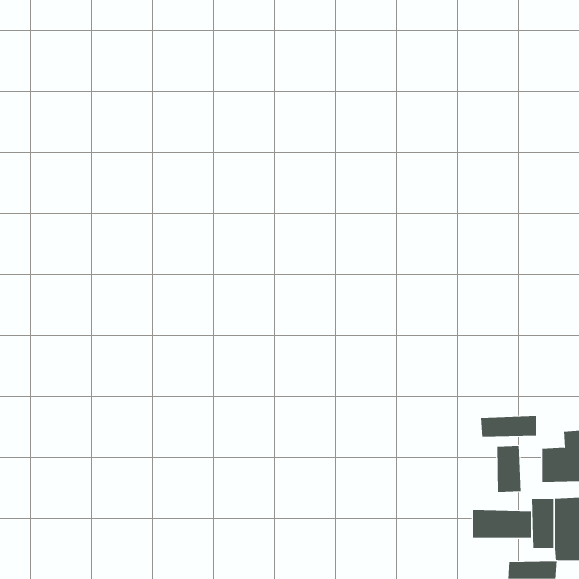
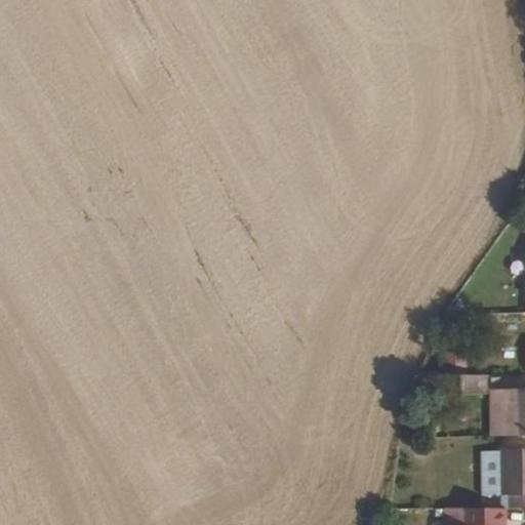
building: [497,445,521,493] -> none
building: [473,509,532,538] -> none

